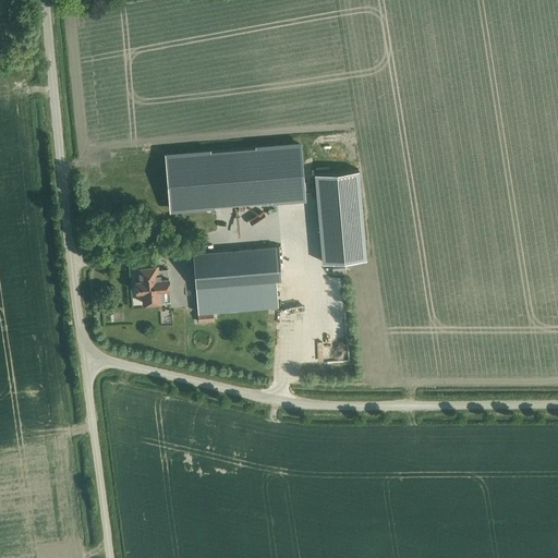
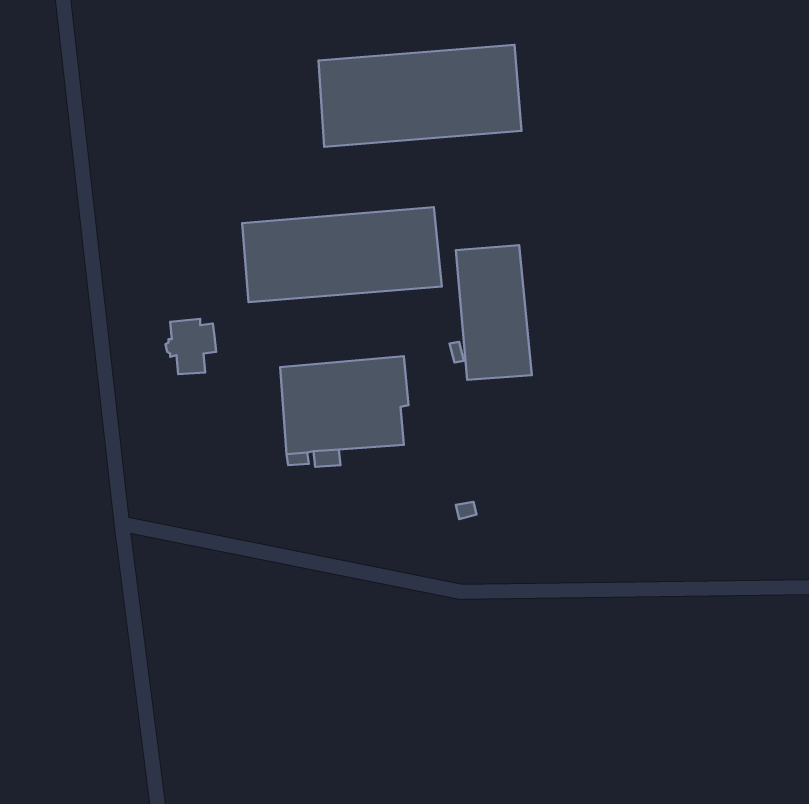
building: none -> [318,45,522,147]
building: [134,268,169,306] -> [165,319,216,374]

